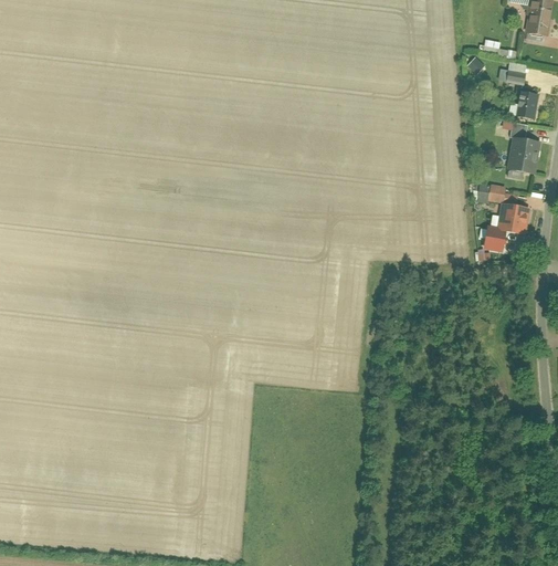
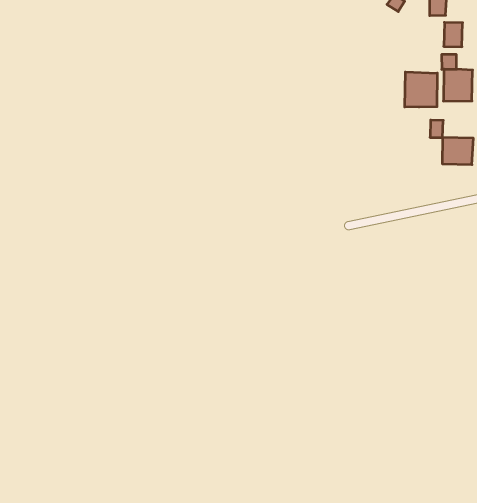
building: none -> [405,72,437,107]
building: [480,229,504,254] -> none

